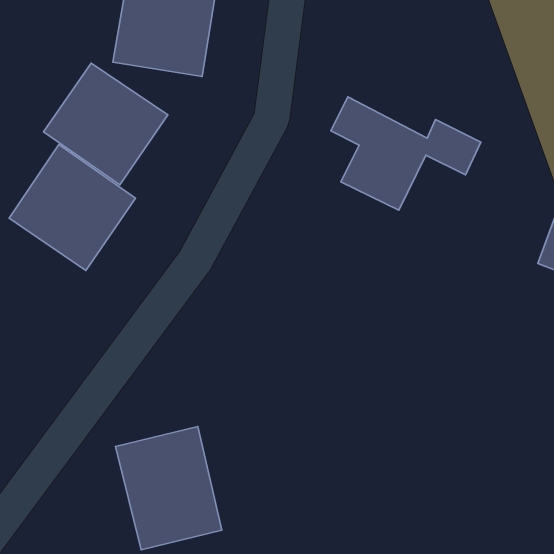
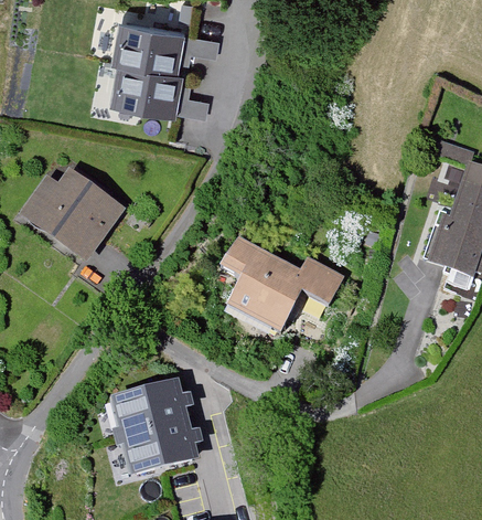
building: [44,63,168,185] -> none
building: [331,97,481,210] -> [227,238,344,327]

